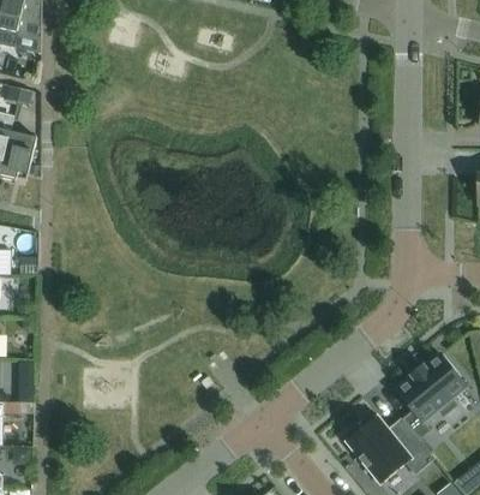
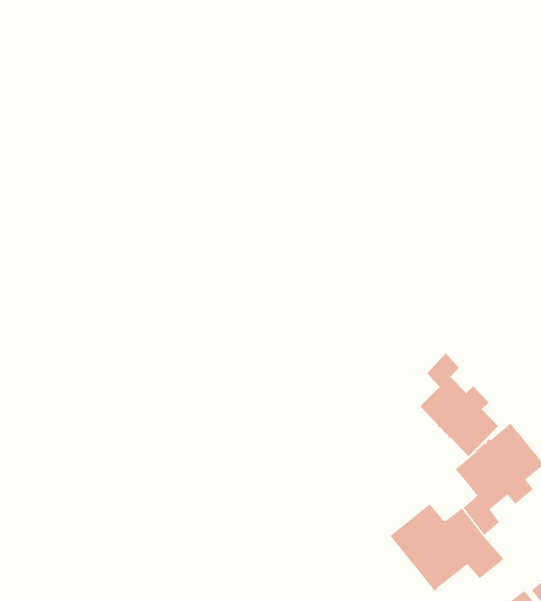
building: none -> [420,353,499,457]

